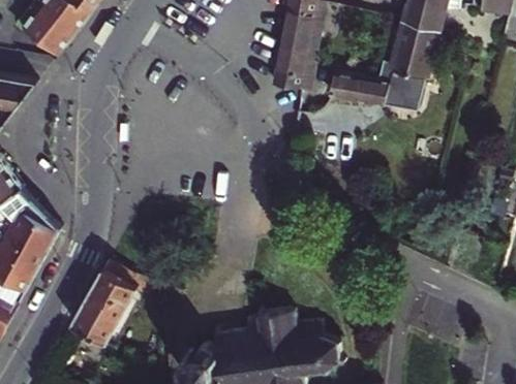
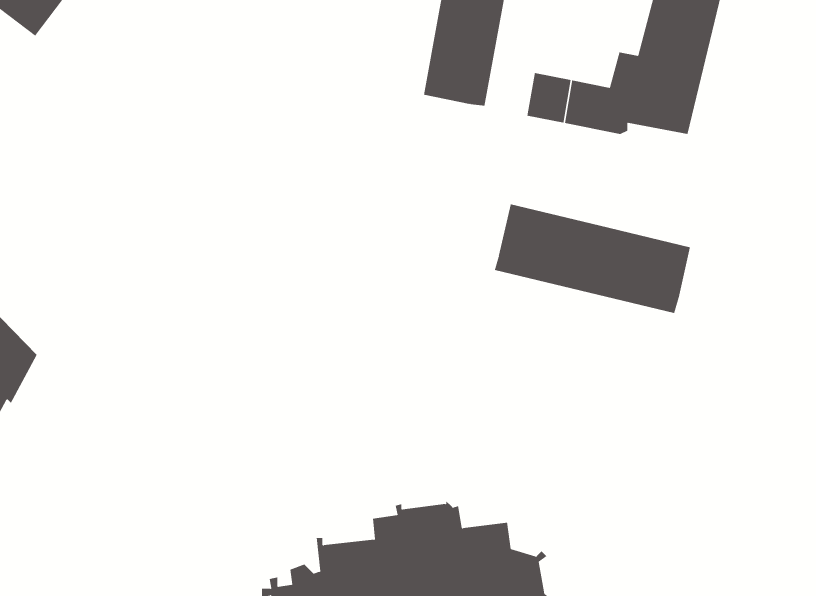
building: none -> [494,204,691,314]
building: [71,259,181,345] -> none

